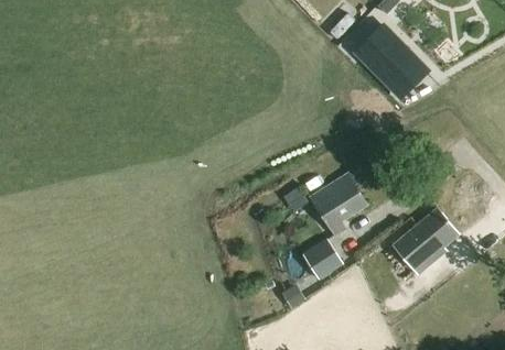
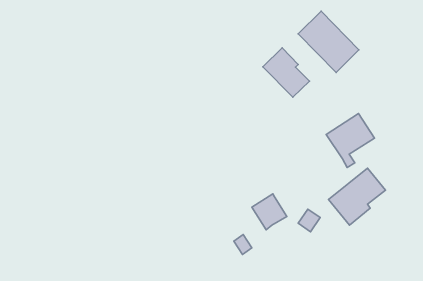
building: none -> [263,48,309,97]
building: [310,174,366,237] -> [326,114,375,168]

